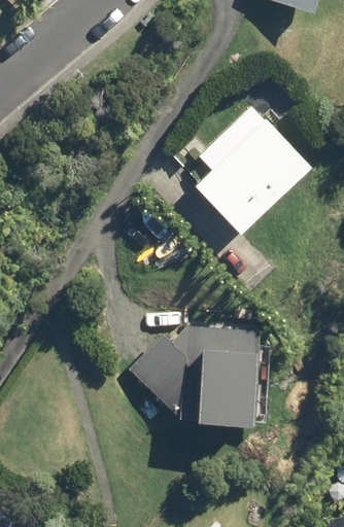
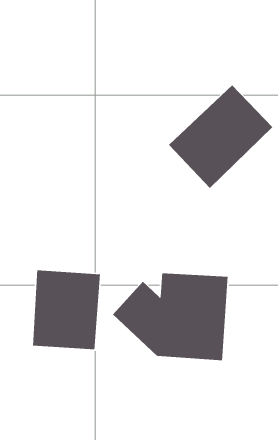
building: none -> [32,269,101,350]

